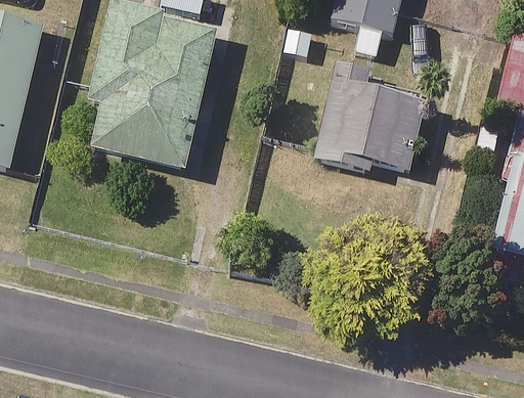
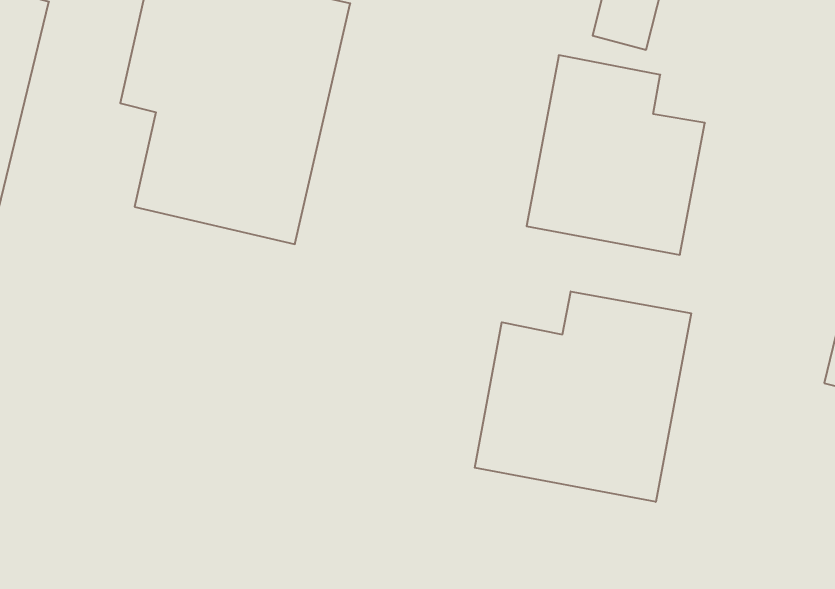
building: none -> [475,291,691,502]

